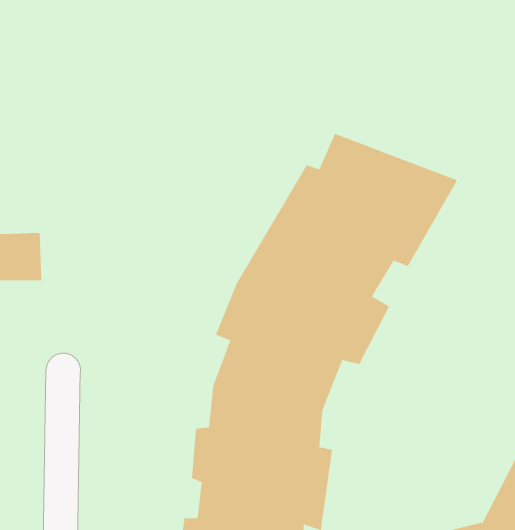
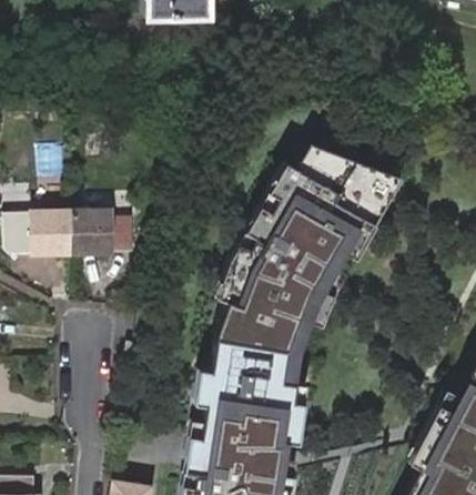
building: none -> [75,218,136,256]

